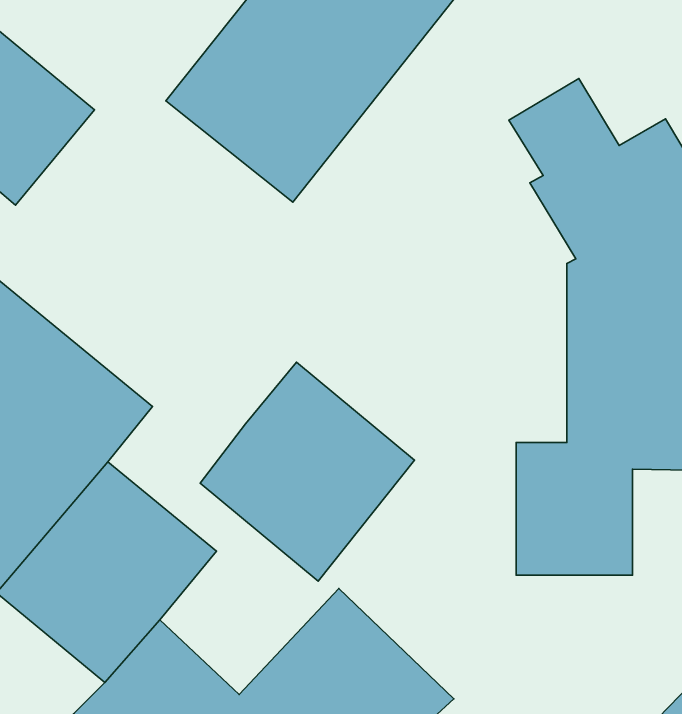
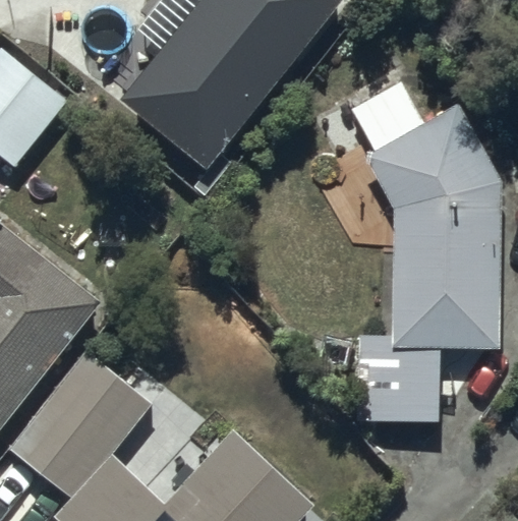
building: [200,362,414,581] -> none

